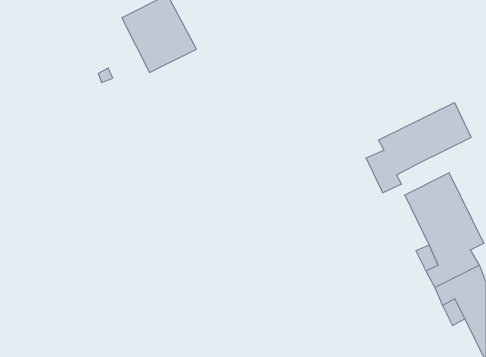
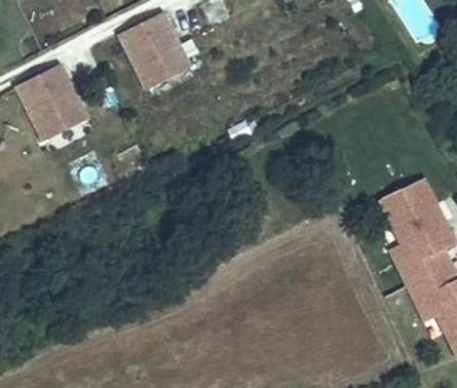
building: none -> [17,66,85,139]
building: [366,103,471,193] -> none

